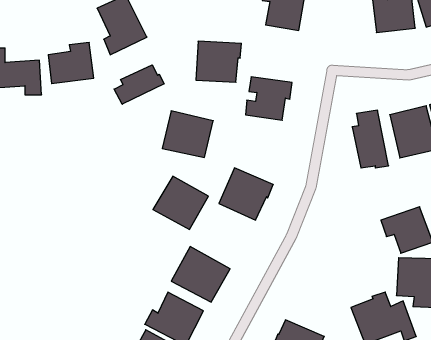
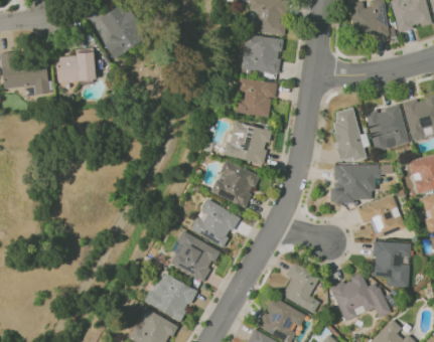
building: [196,41,241,82] -> [242,35,283,72]
building: [114,65,164,104] -> none
building: [162,111,213,157] -> [225,121,271,163]
building: none -> [333,164,372,199]
building: [153,176,208,229] -> [189,198,240,246]
building: none -> [282,263,320,312]

